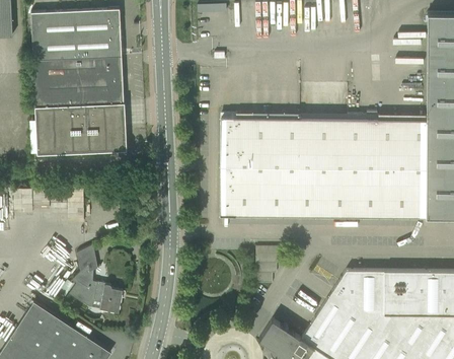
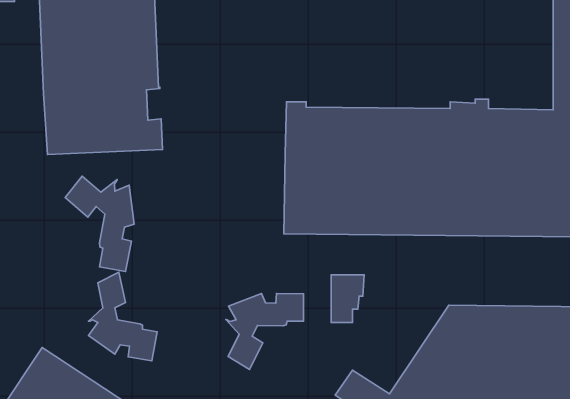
building: none -> [65,176,134,272]
building: none -> [226,293,304,370]

